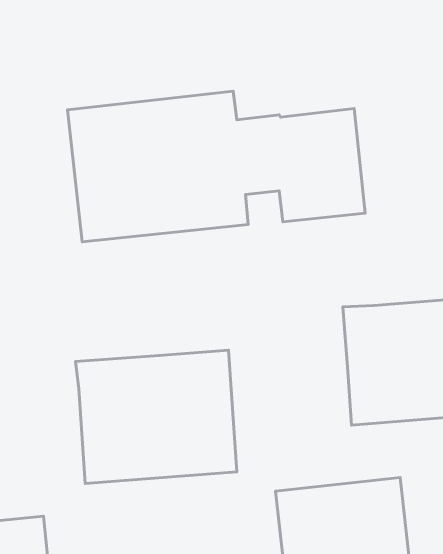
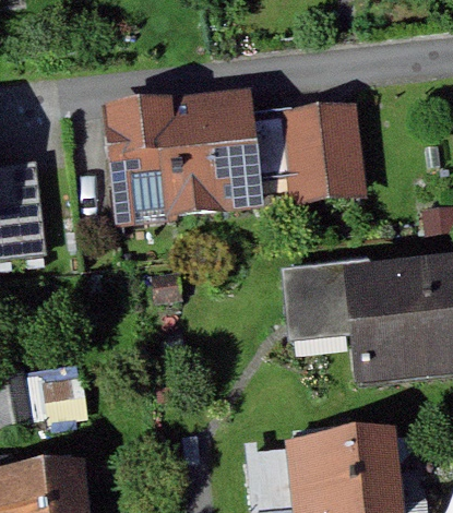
building: none -> [286,263,373,337]
building: [75,350,237,483] -> none

